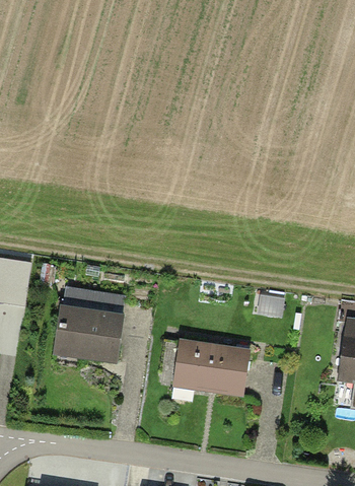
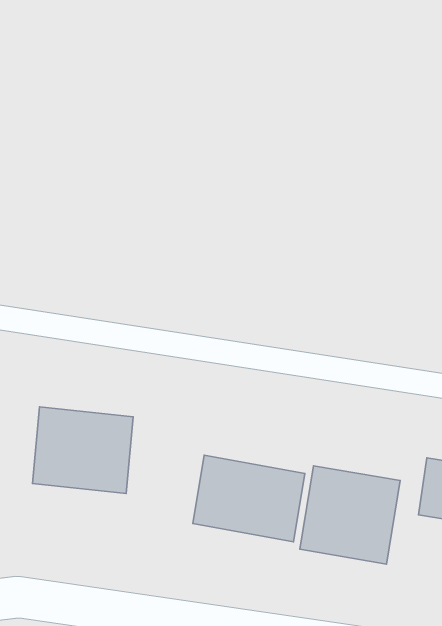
building: none -> [300,466,400,564]

